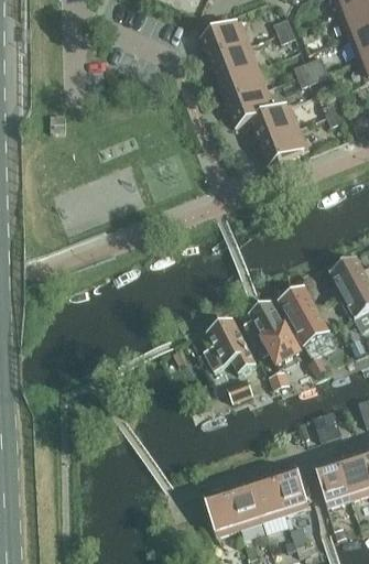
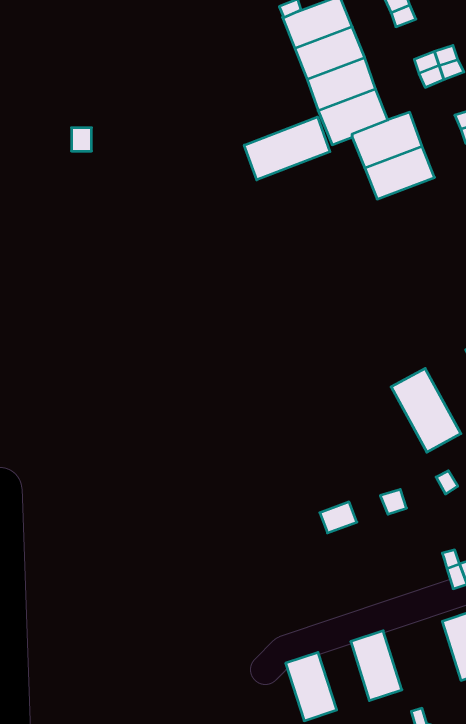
building: none -> [244,117,330,180]
building: [245,302,302,367] -> none
building: [205,319,256,373] -> none
building: [272,465,308,513] -> none
building: [226,479,262,528] -> none

